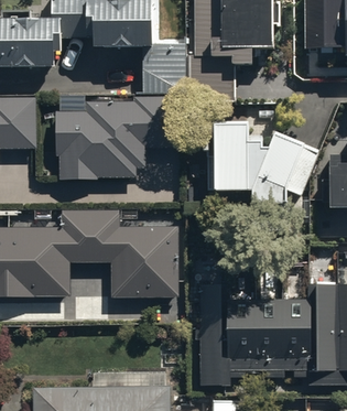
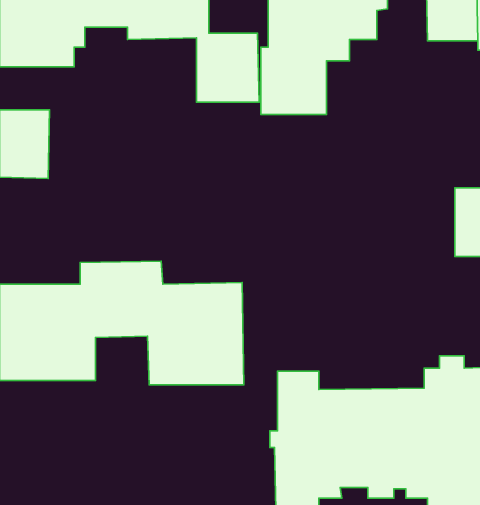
building: [55,97,172,180] -> none
building: [199,115,321,204] -> none

